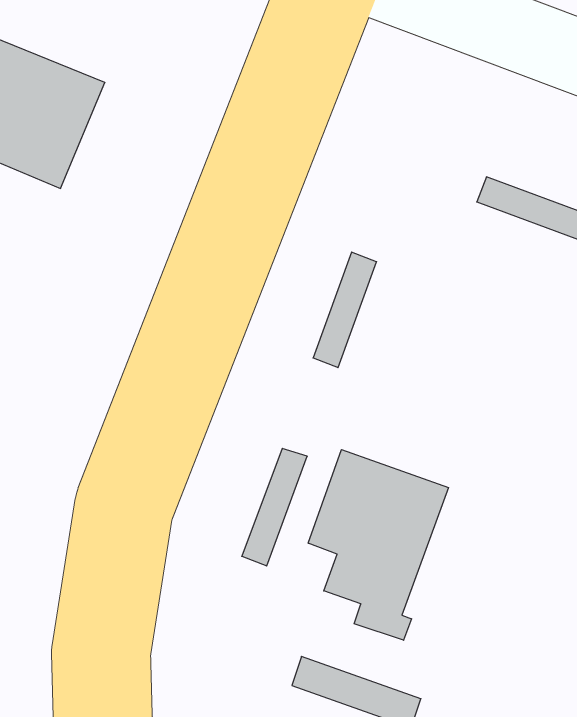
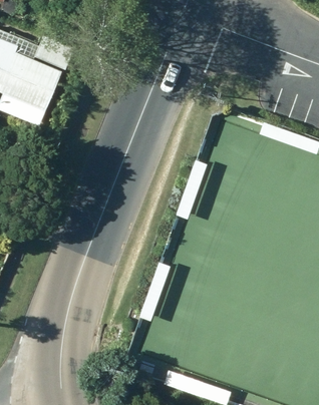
building: [308,450,449,640] -> none

